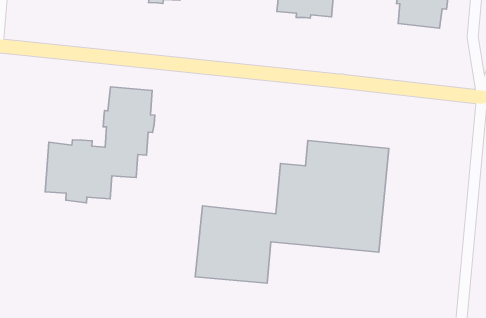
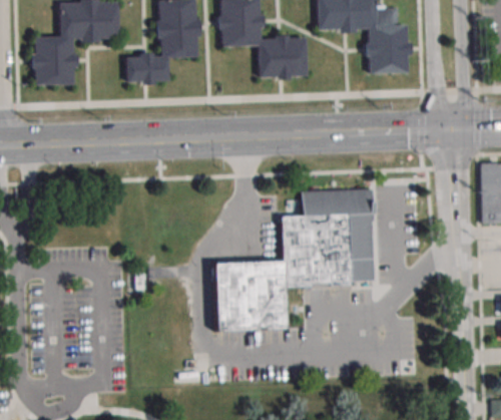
building: [45,87,155,203] -> none

